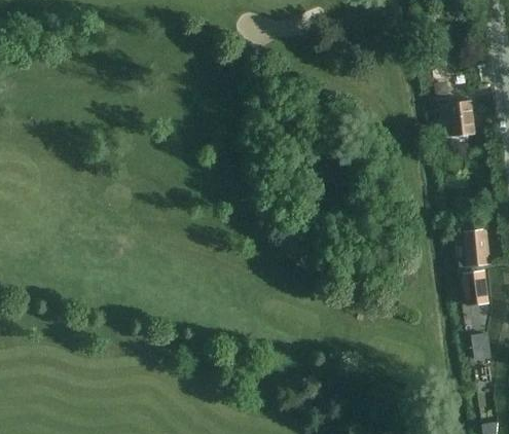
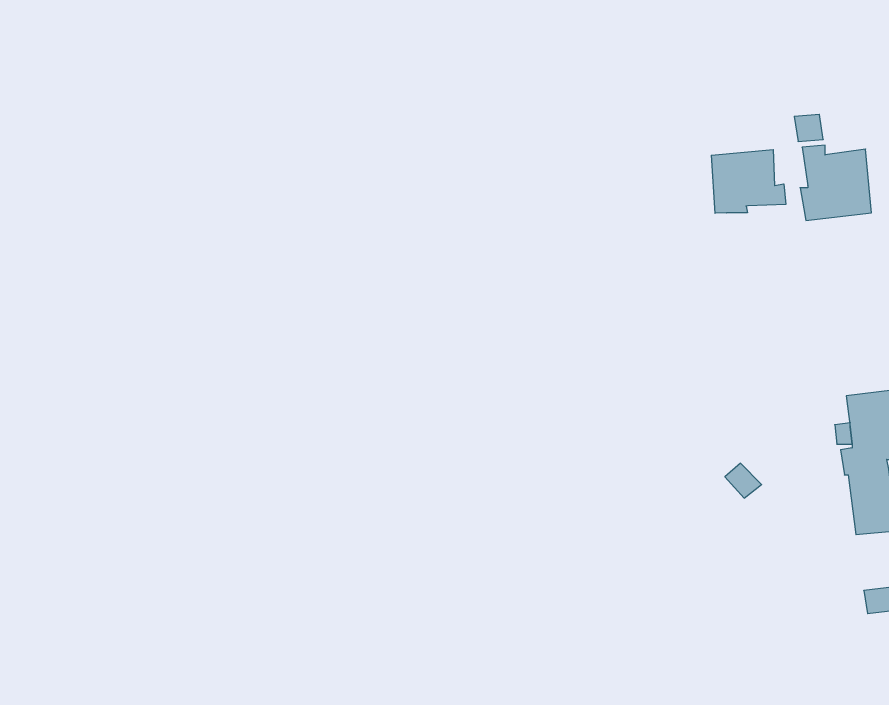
building: none -> [711,150,786,213]

